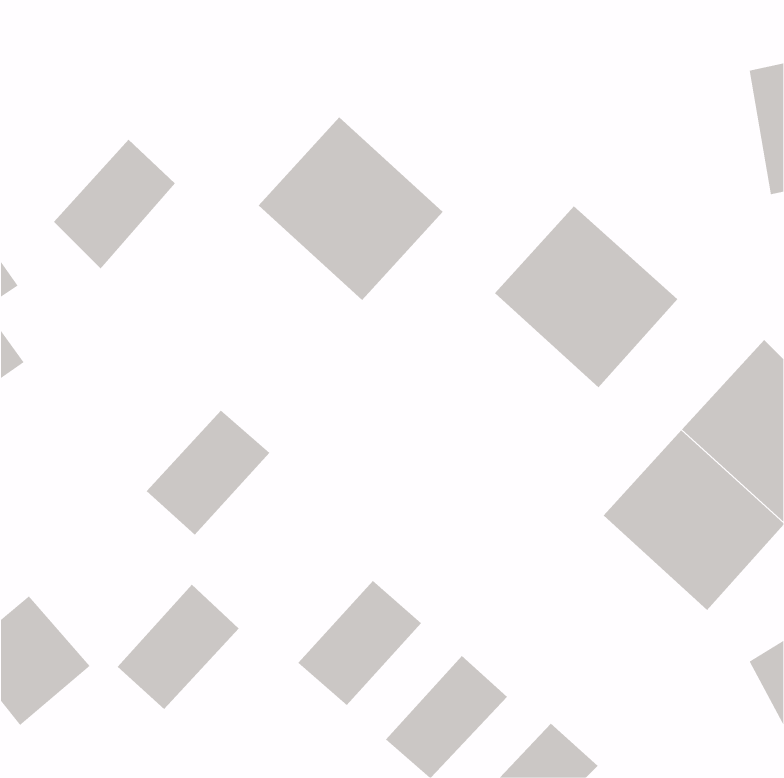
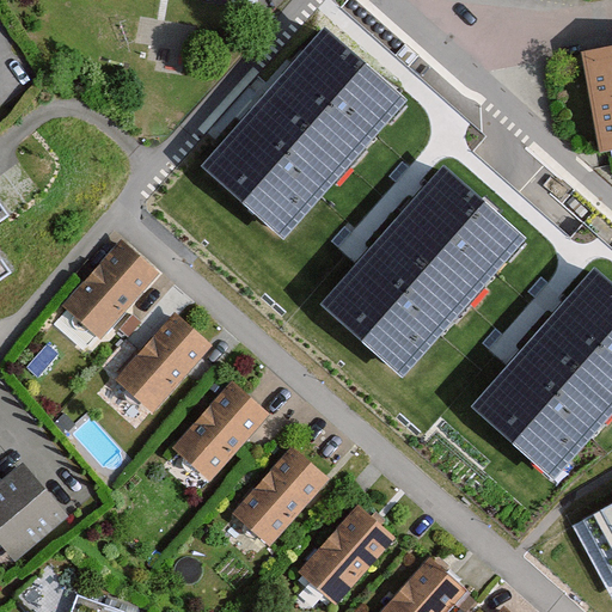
building: none -> [264,23,408,165]
building: [53,139,176,269] -> [62,245,158,347]
building: none -> [322,228,466,372]
building: [117,584,239,710] -> [171,384,267,482]

